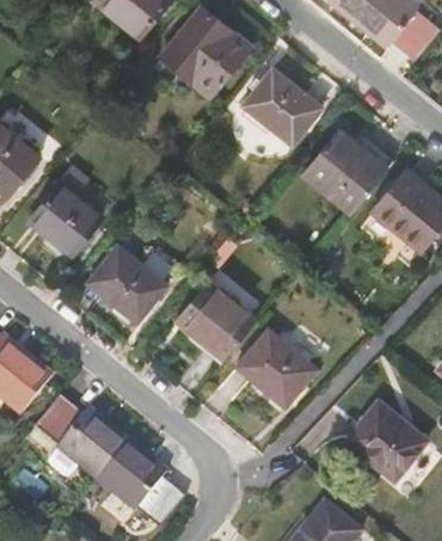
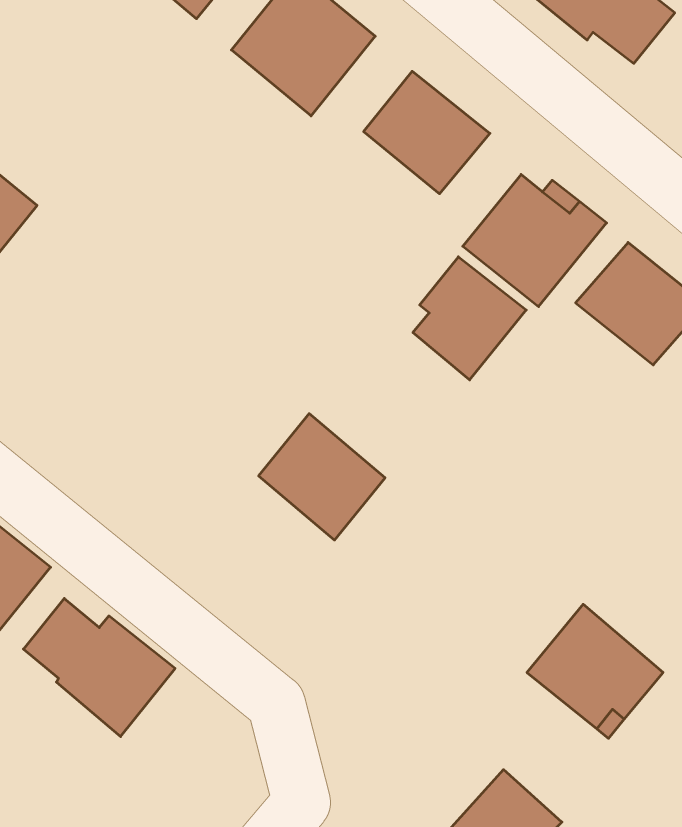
building: [32,165,104,251] -> none
building: none -> [413,257,526,380]
building: [90,242,168,319] -> none
building: [235,327,315,406] -> none
building: [94,436,184,524] -> none

